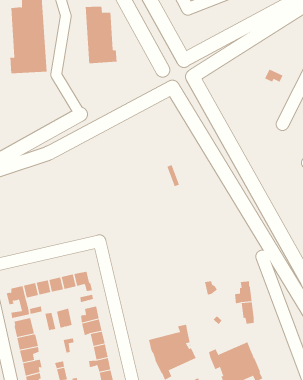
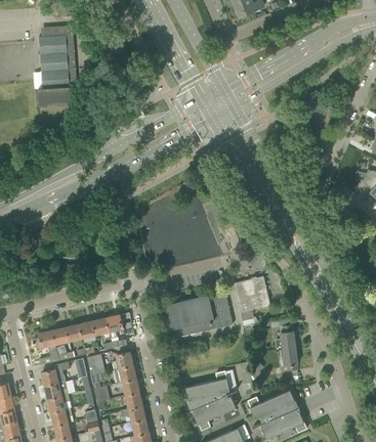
building: [85,6,117,64] -> none
building: none -> [234,276,270,313]
building: none -> [165,293,233,338]

